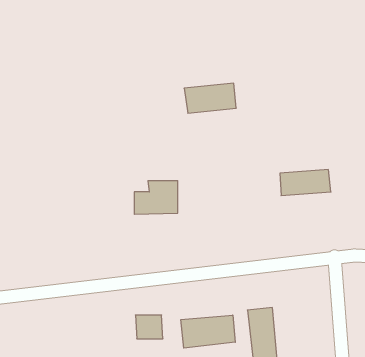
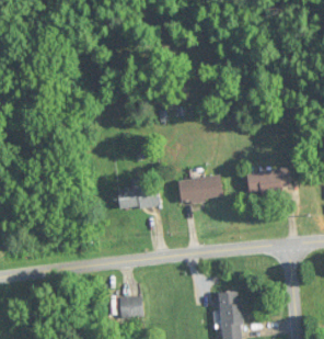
building: [184,83,236,113] -> [177,176,223,202]
building: [181,315,235,348] -> none

